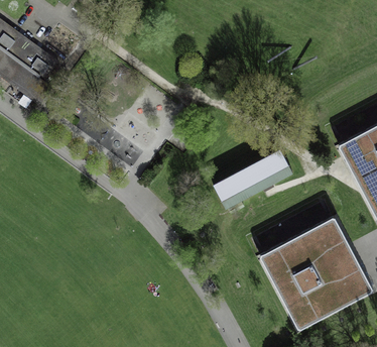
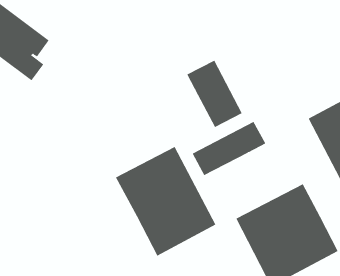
building: none -> [187,60,243,128]
building: none -> [115,146,216,257]

